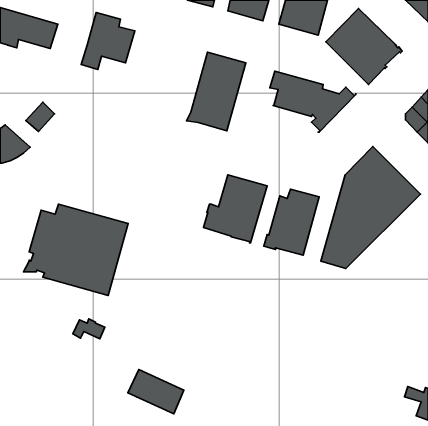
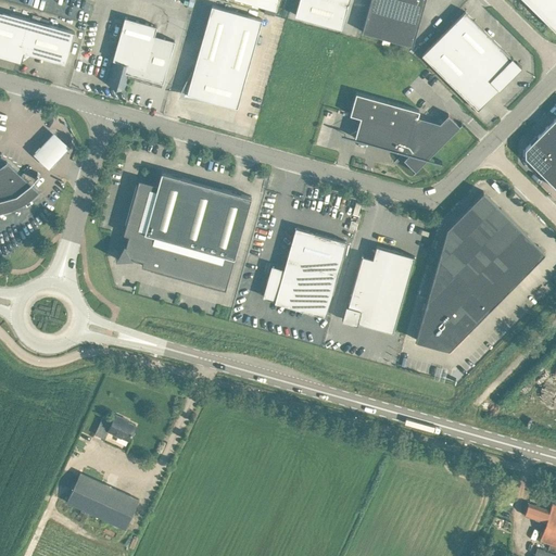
building: [187,52,246,131] -> [185,7,262,109]
building: [23,204,128,295] -> [116,173,252,291]
building: [128,369,184,414] -> [66,473,139,531]

